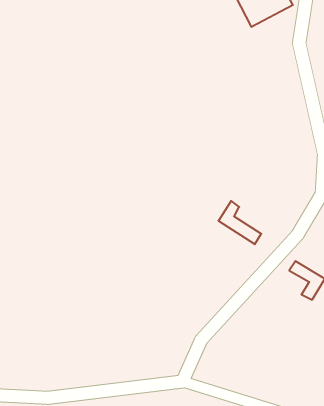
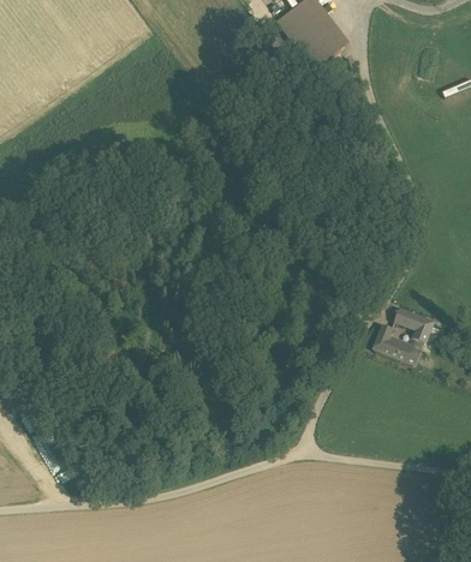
building: [218,201,261,244] -> [374,321,421,361]

